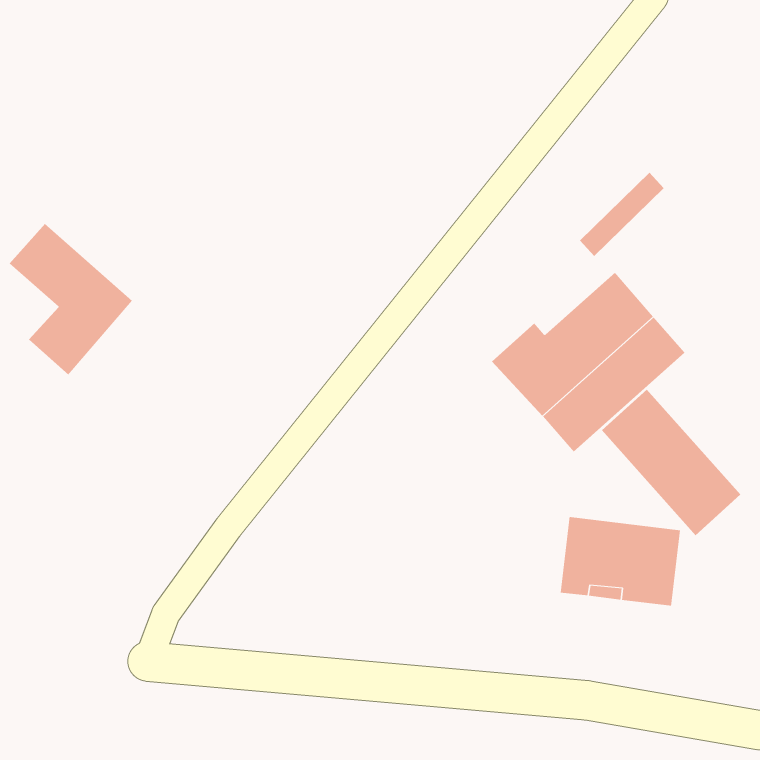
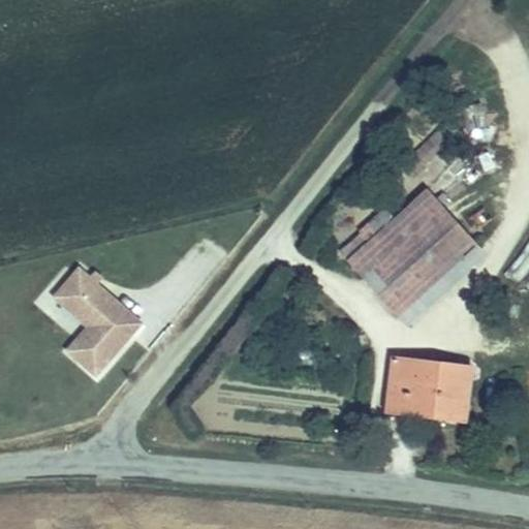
building: [9,223,133,375] -> [54,269,139,374]
building: [601,389,741,536] -> none

